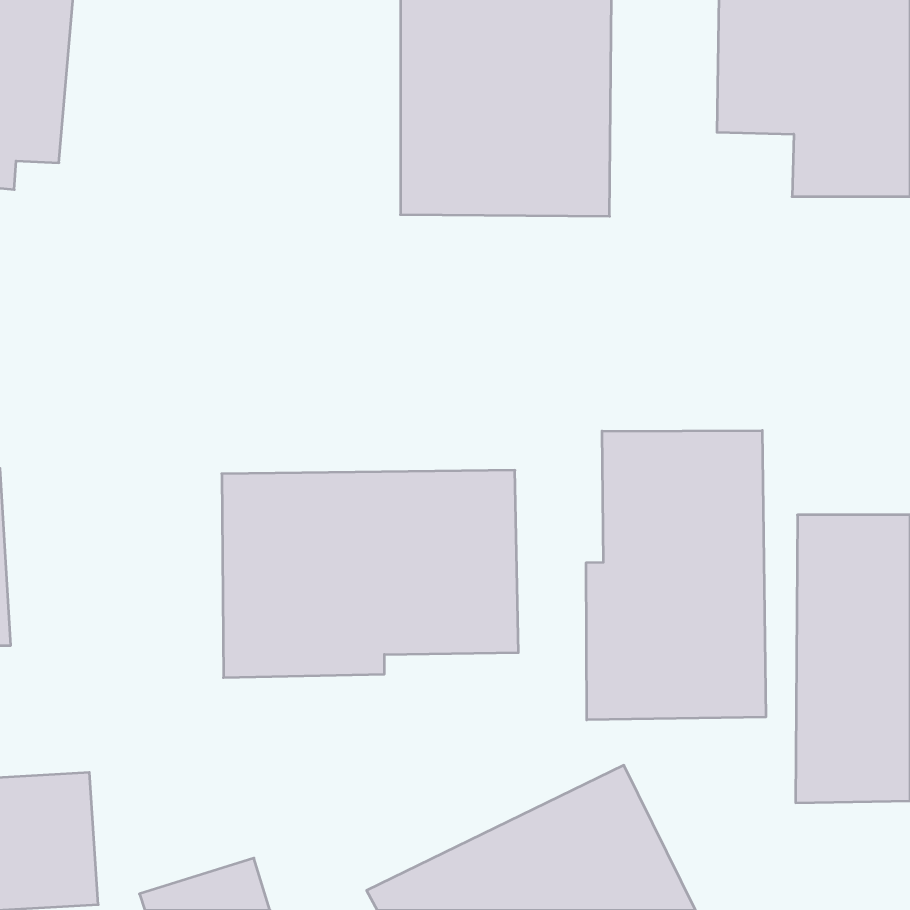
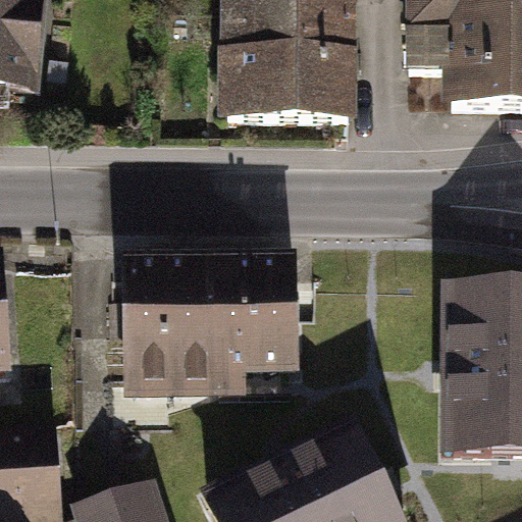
building: [586,430,766,720] -> none

